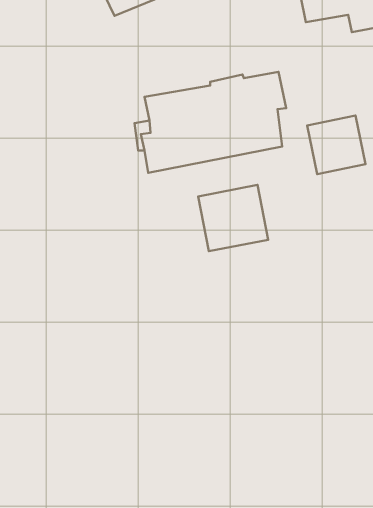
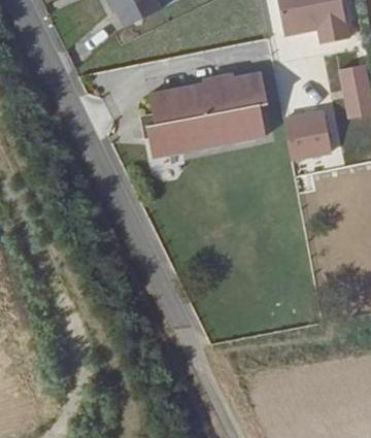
building: [198,185,268,251] -> none

